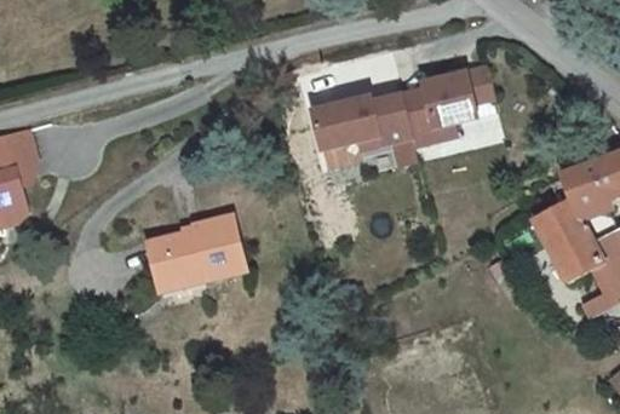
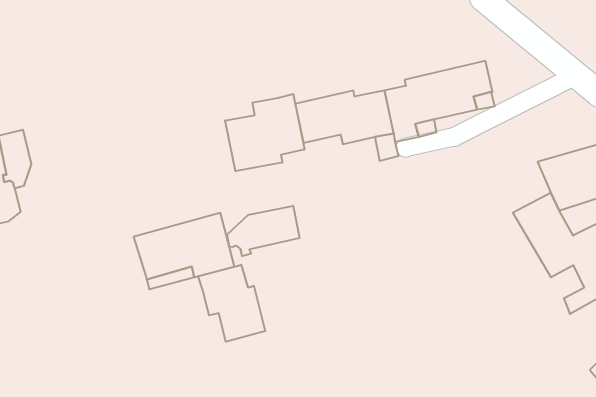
building: none -> [225,94,304,171]
building: none -> [227,206,300,256]
building: none -> [198,265,265,342]

